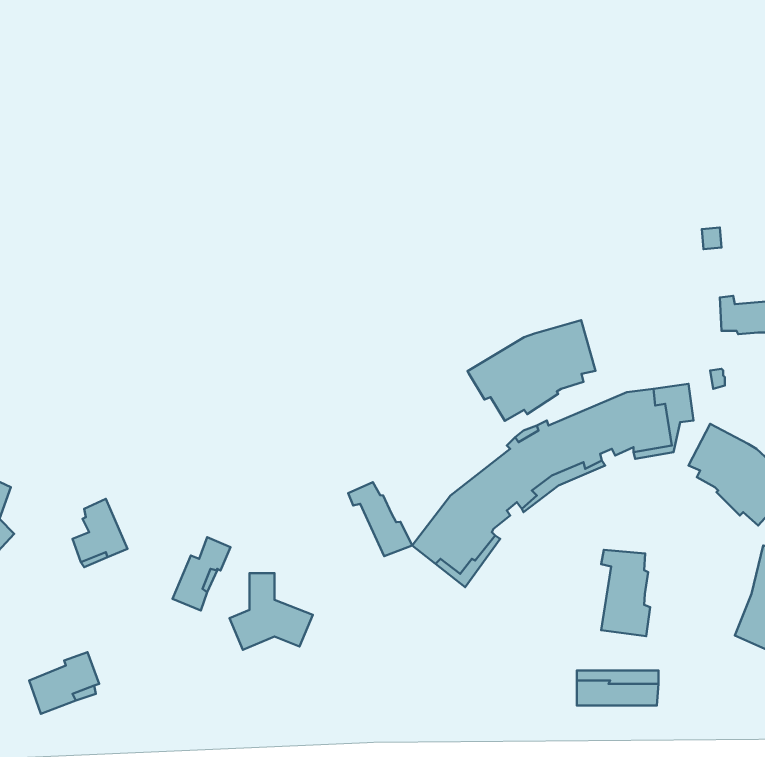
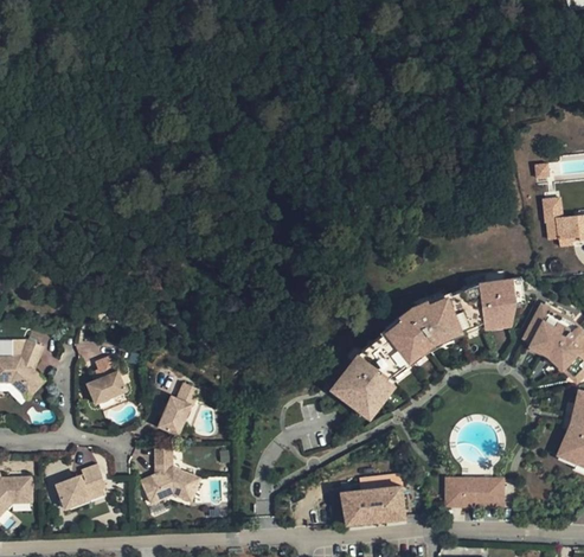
building: [467,320,595,421] -> none
building: [348,482,412,556] -> none
building: [601,550,650,636] -> none
building: [230,573,313,650] -> [140,450,199,505]
building: none -> [344,487,406,526]

